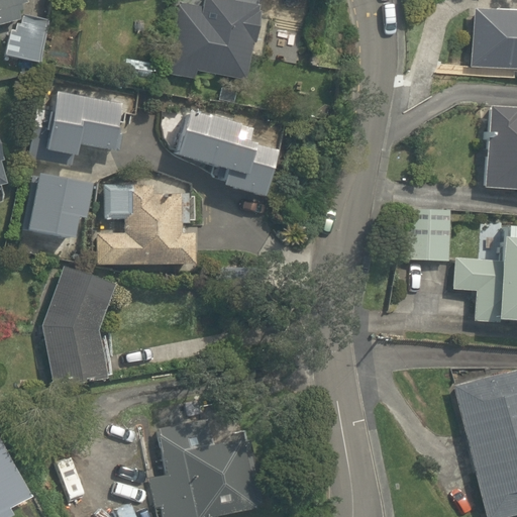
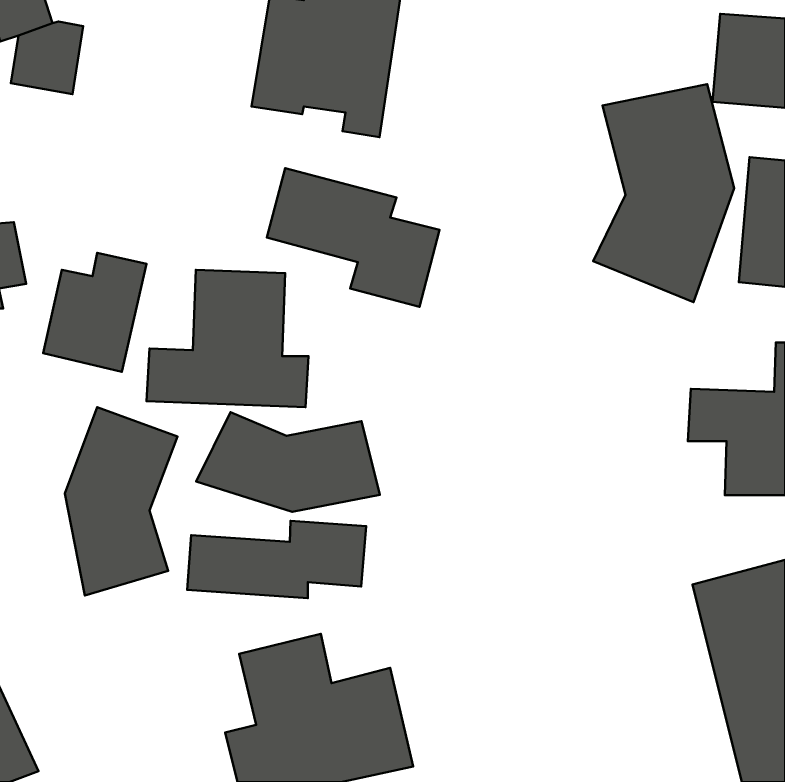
building: none -> [593,84,734,302]
building: [50,96,127,160] -> none
building: [403,207,448,261] -> none
building: none -> [196,412,380,512]
building: none -> [187,521,366,598]

